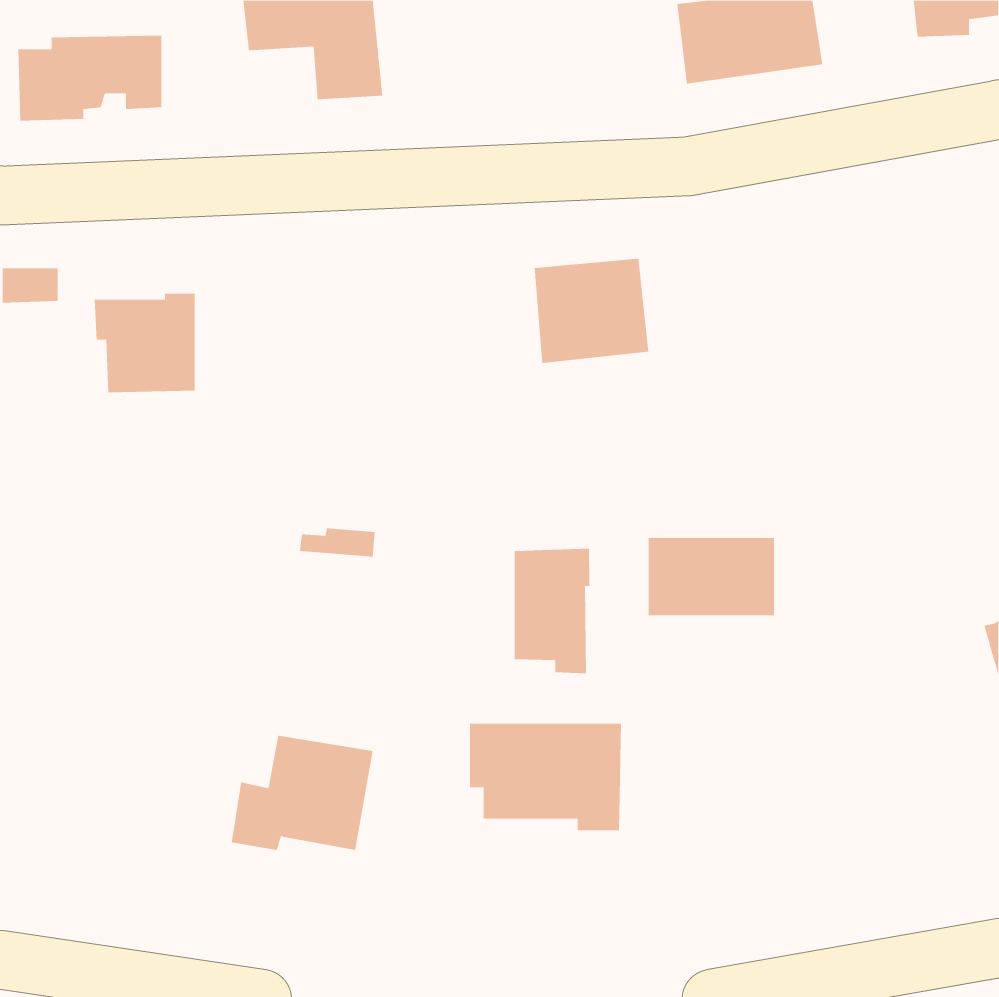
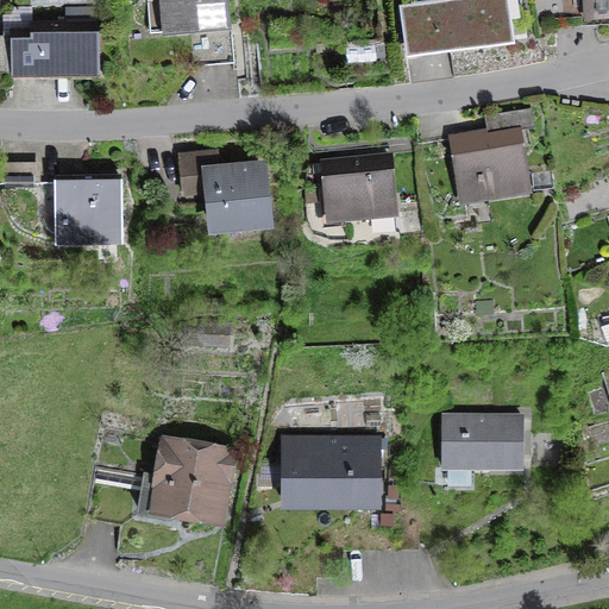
building: none -> [454,111,535,197]
building: none -> [180,156,268,230]
building: [648,538,775,616] -> [444,420,521,467]
building: [514,548,590,674] -> none

